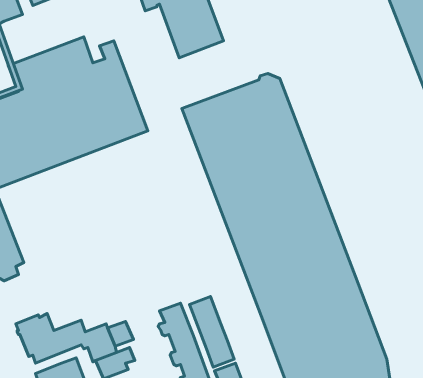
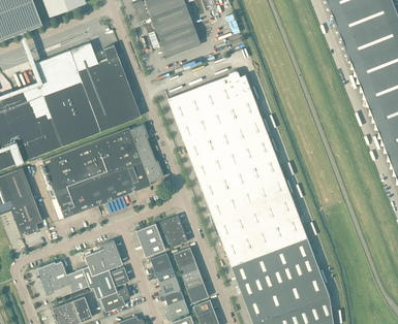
building: none -> [41,125,163,219]
building: none -> [161,216,188,248]
building: none -> [136,224,165,258]
building: none -> [84,240,122,276]

